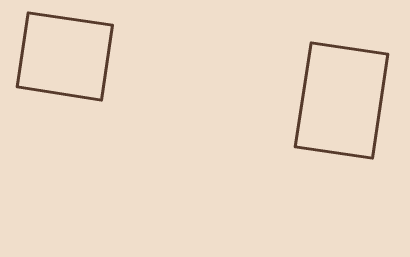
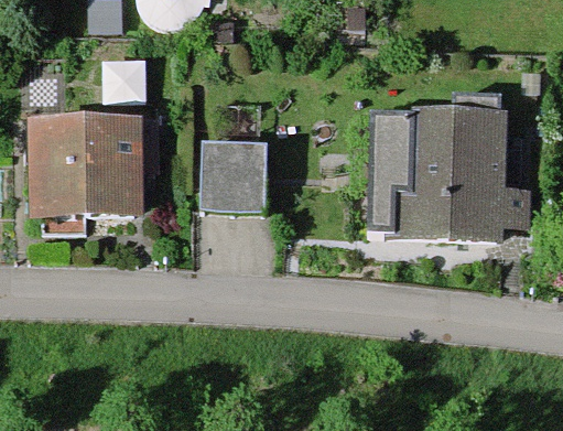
building: none -> [201,147,270,217]

